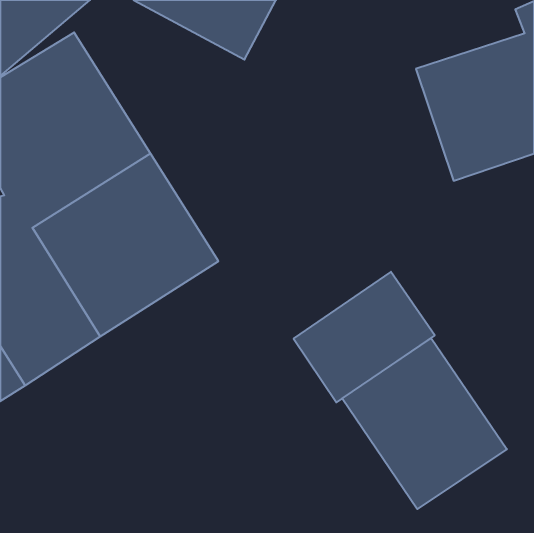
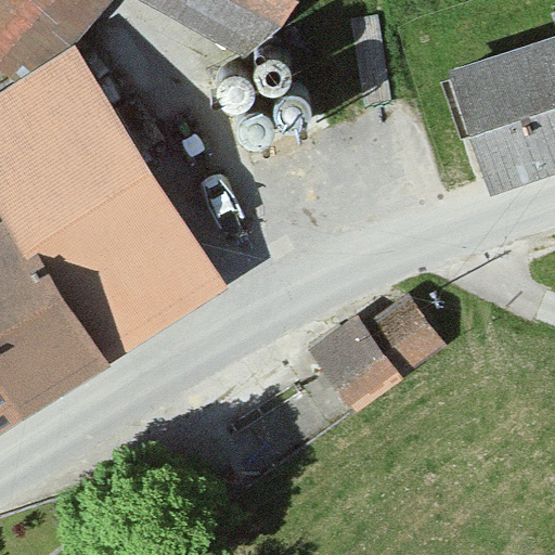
building: [342,338,507,509] -> none

